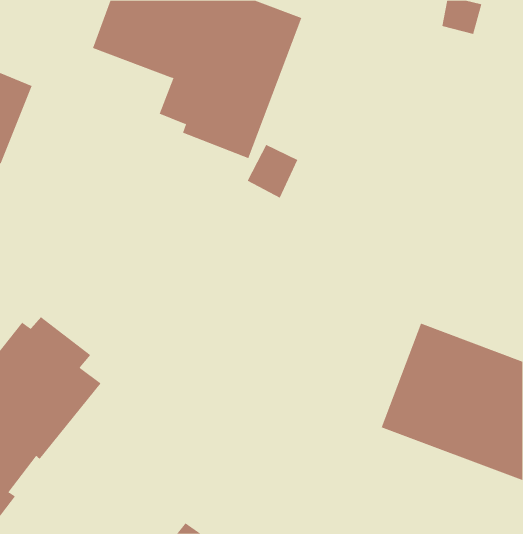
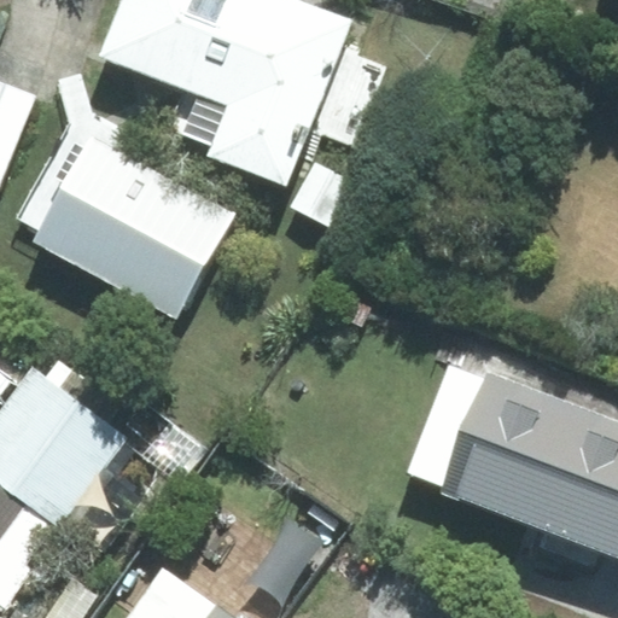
building: none -> [39,138,233,314]

